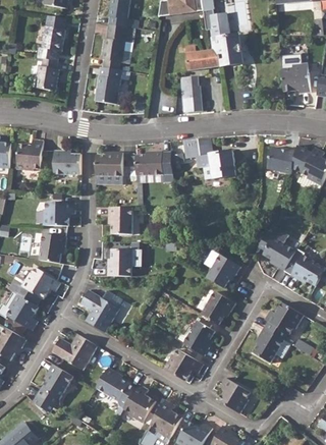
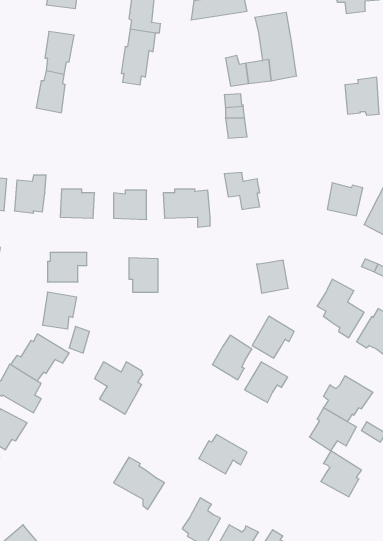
building: [95,66,121,104] -> none
building: [211,152,236,178] -> [257,260,288,293]
building: [107,248,131,276] -> none
building: [183,319,215,354] -> [212,335,252,380]
building: [52,334,97,369] -> none
building: [37,364,73,406] -> none
building: [217,376,250,412] -> [321,451,361,497]
building: [123,383,155,422] -> none

